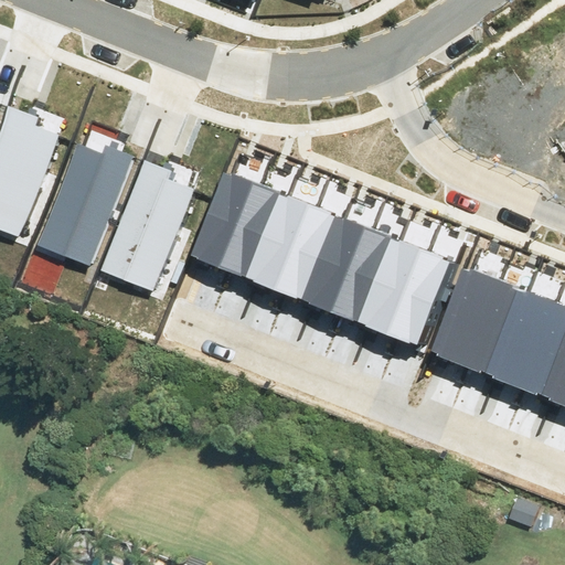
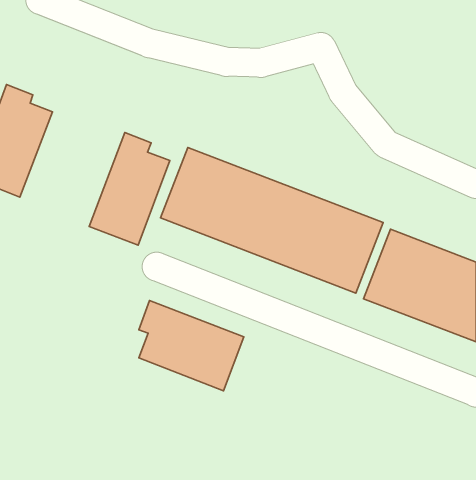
building: [35,142,135,264] -> none
building: none -> [139,301,244,391]

